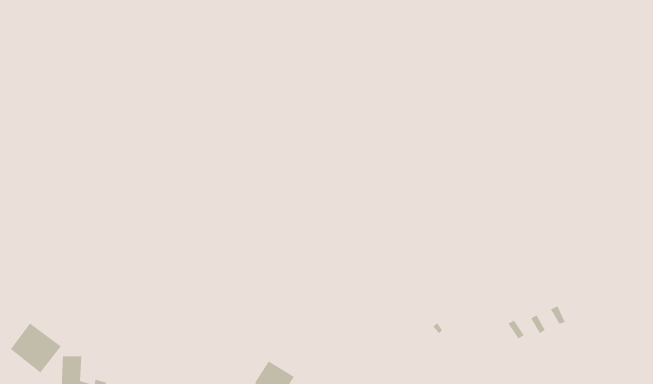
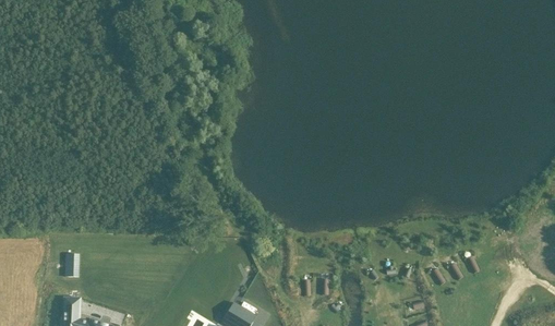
building: [10,322,62,373] -> none

